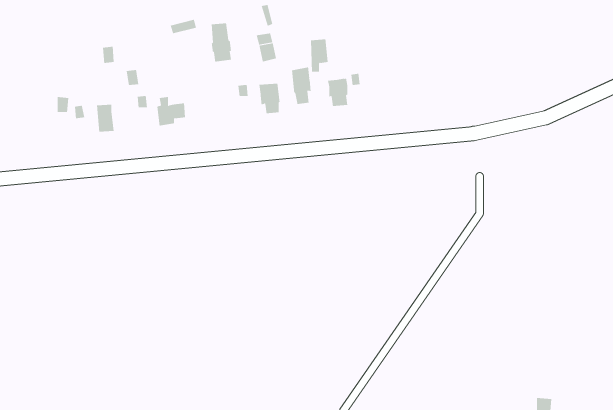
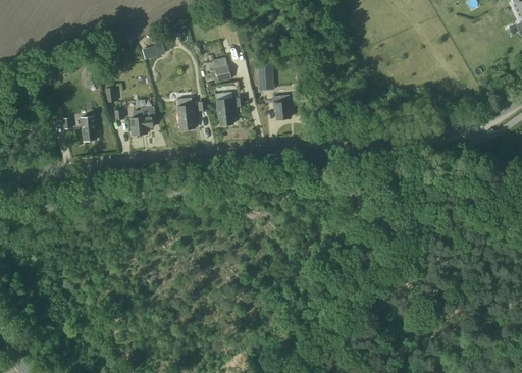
building: [211,23,232,62] -> [177,97,195,129]
building: [291,67,311,105] -> none

